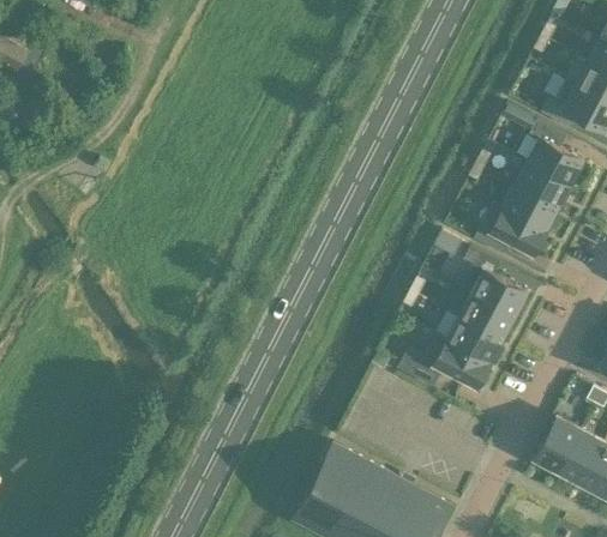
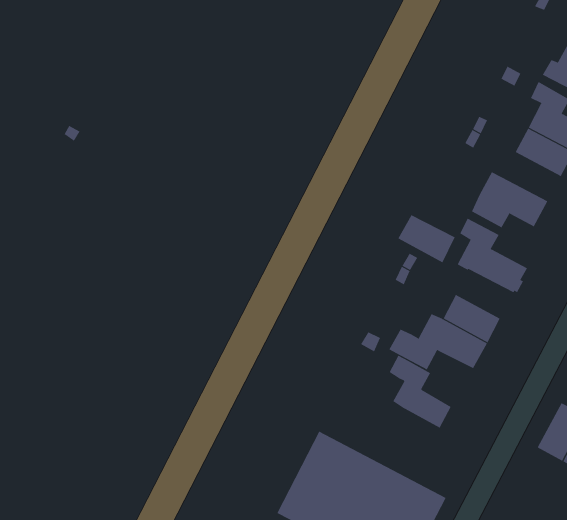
building: [504,186,559,231] -> none
building: [461,295,515,340] -> [398,214,456,263]
building: none -> [389,355,452,428]

